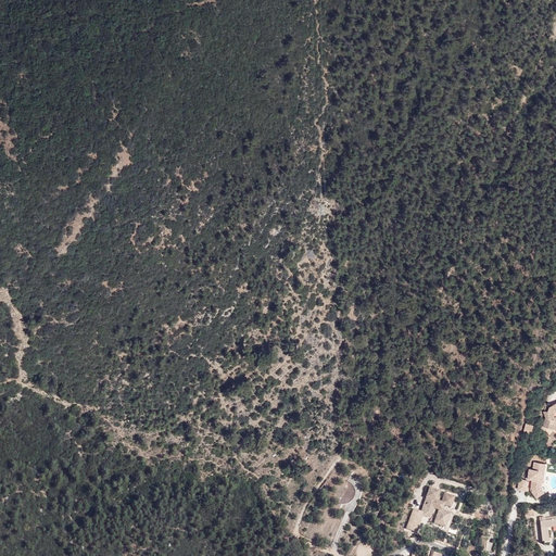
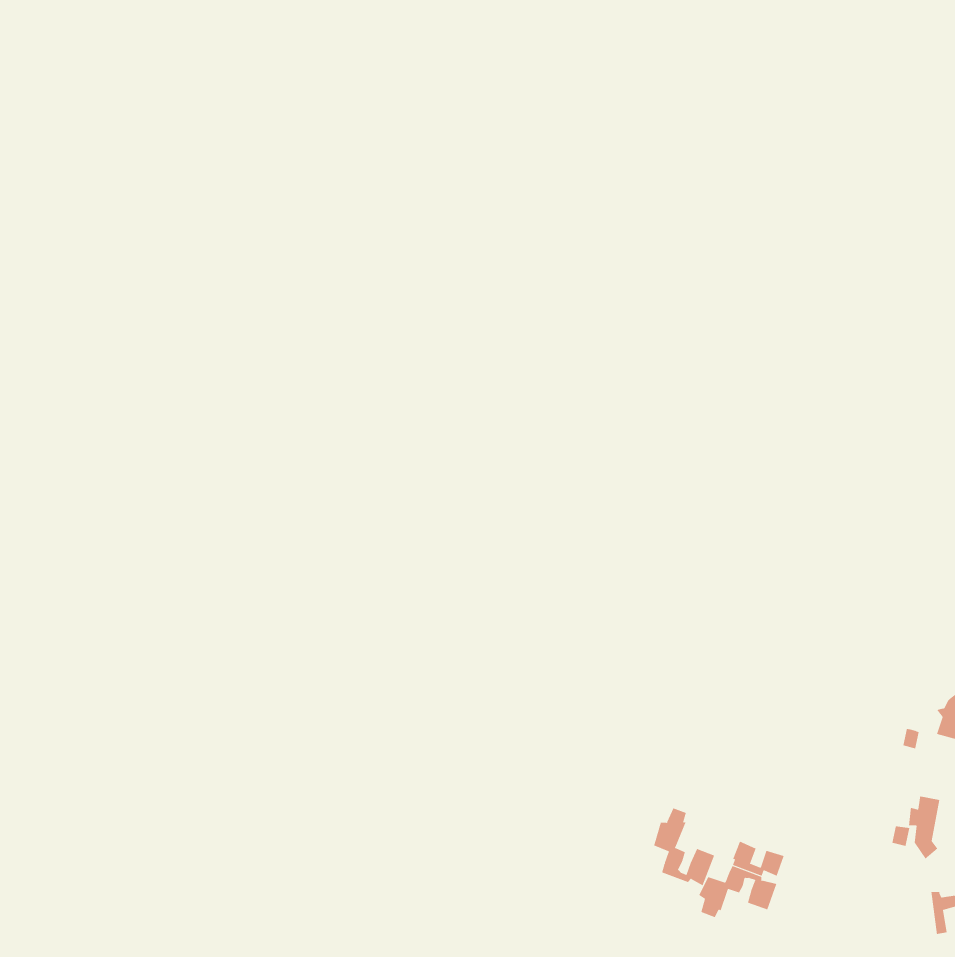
building: none -> [654,807,715,886]

